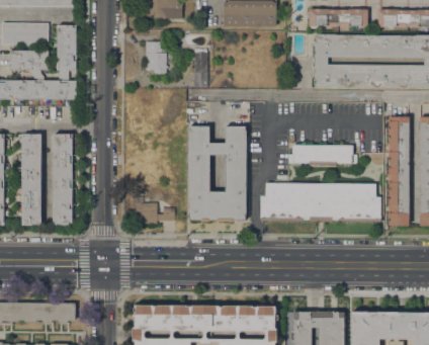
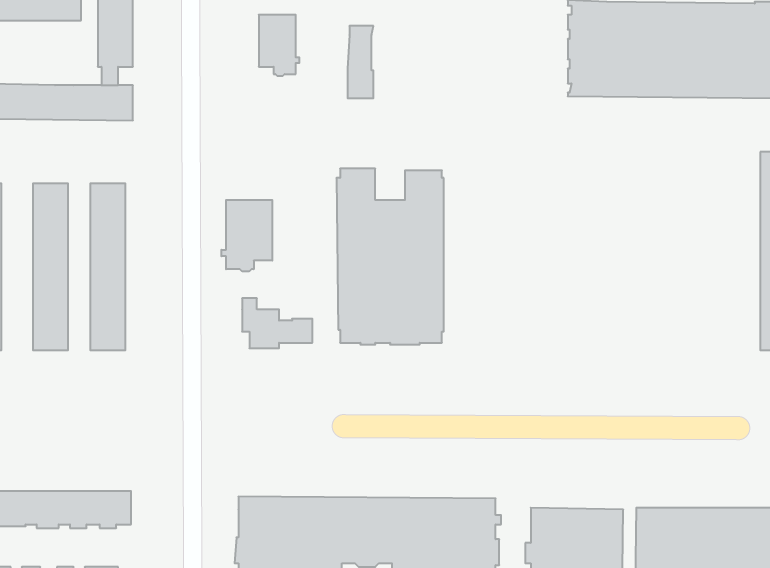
building: [10,50,49,80] -> none
building: [388,116,409,225] -> none
building: none -> [221,200,272,271]
building: [287,145,356,165] -> none
building: [260,180,380,222] -> none

